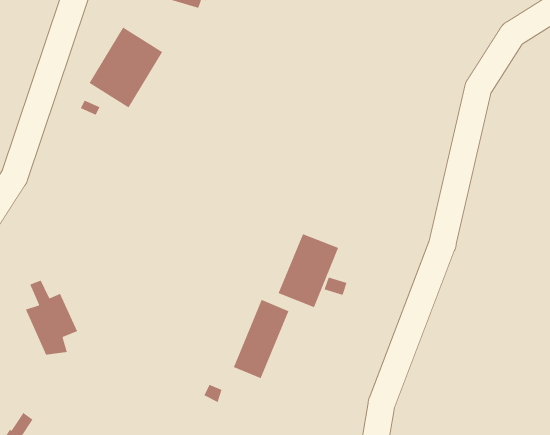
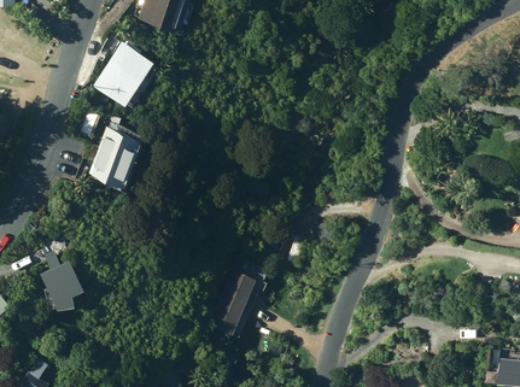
building: none -> [90,125,142,190]
building: [277,233,339,308] -> none

